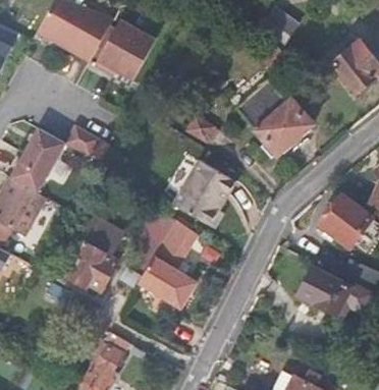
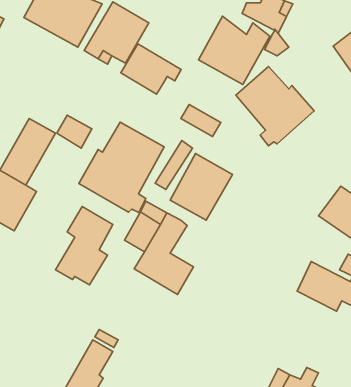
building: none -> [199,16,270,84]
building: none -> [121,44,181,94]
building: none -> [79,122,164,213]

